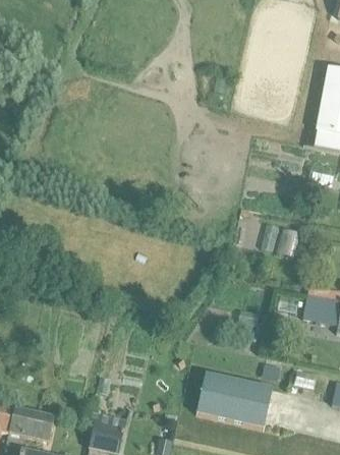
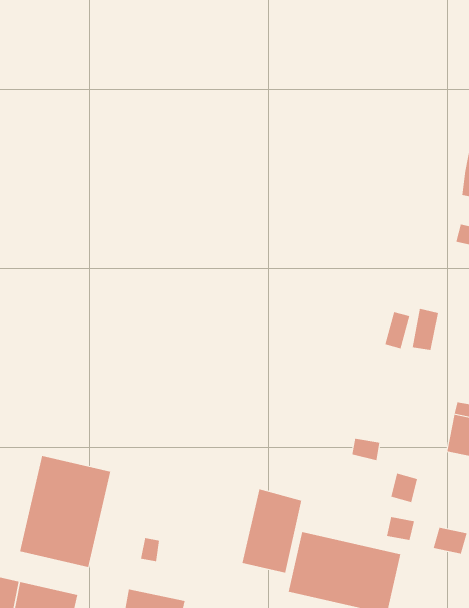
building: none -> [19,455,111,568]
building: none -> [242,488,302,573]

